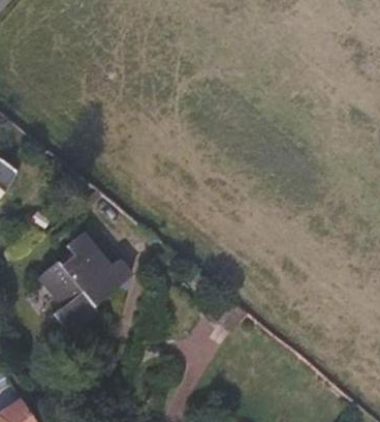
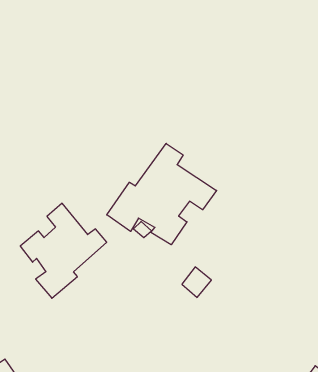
building: none -> [107,143,217,245]

